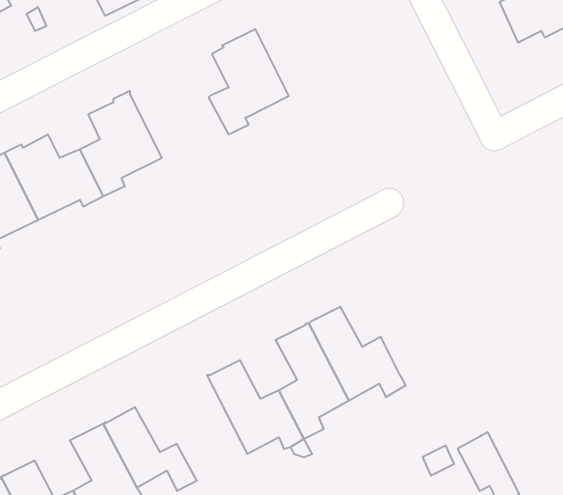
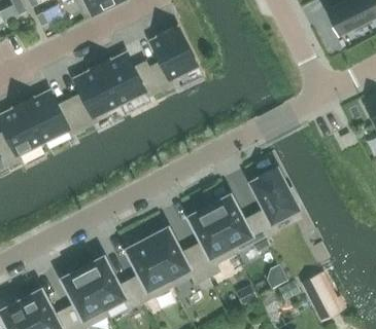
building: none -> [100,52,161,105]
building: none -> [252,168,300,237]
building: none -> [128,239,172,303]

